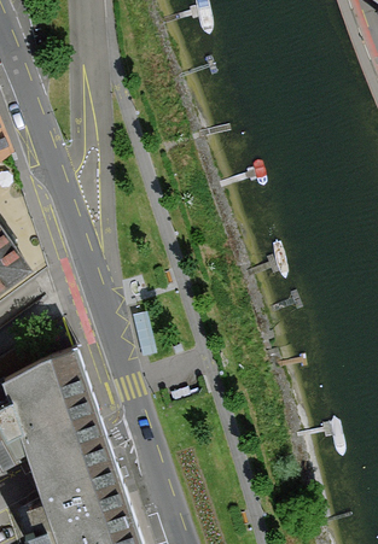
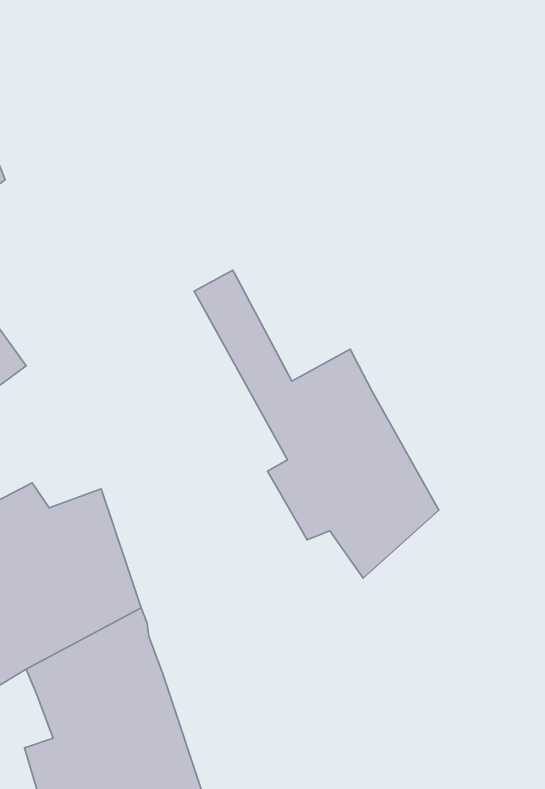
building: none -> [194,270,439,578]

